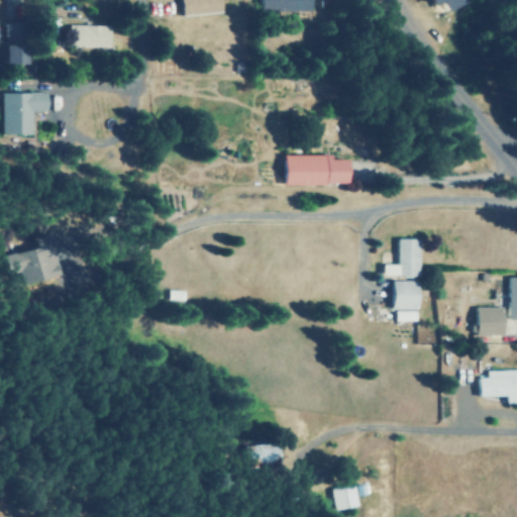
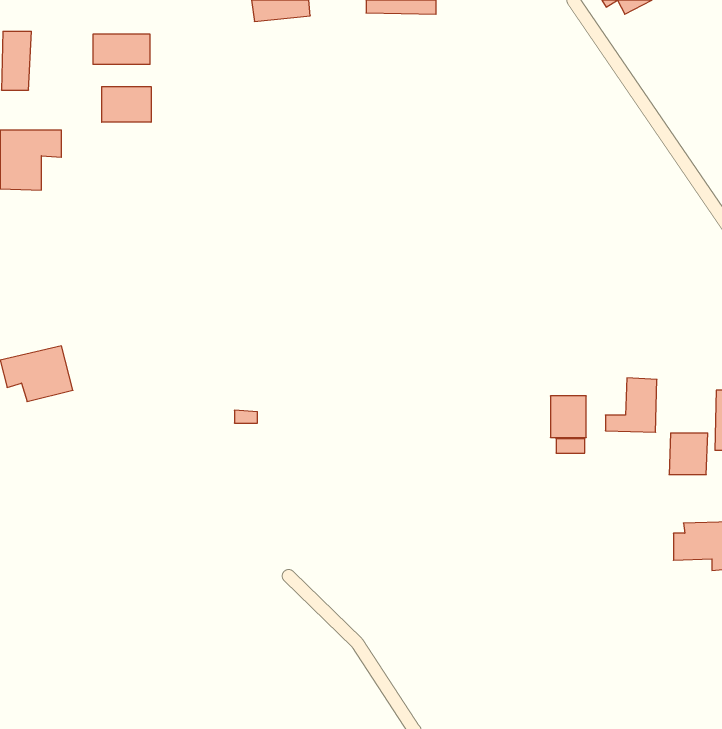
building: none -> [102,87,151,122]
building: [287,154,350,185] -> none
building: [386,238,422,277] -> [605,378,657,432]
building: [247,442,280,469] -> none
building: [334,486,361,510] -> none

